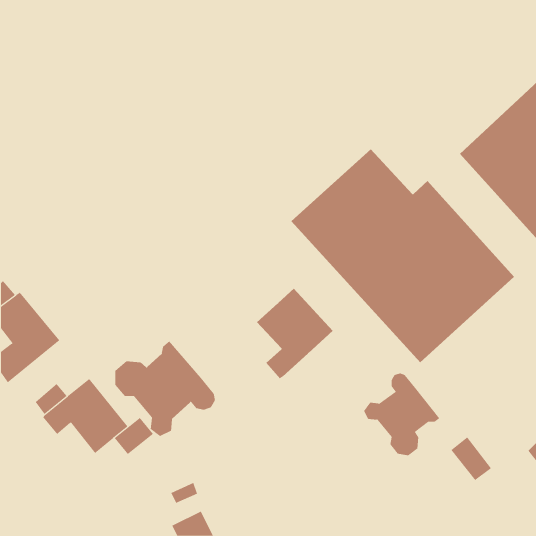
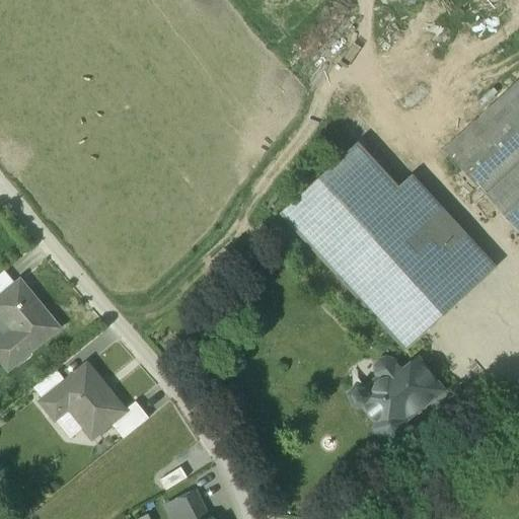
building: [256,288,333,379] -> none
building: [115,340,215,437] -> none
building: [451,437,492,481] -> [402,360,442,402]

